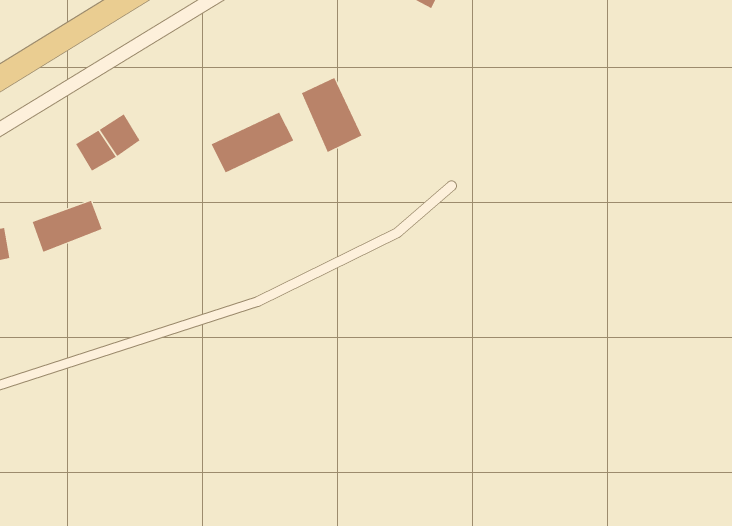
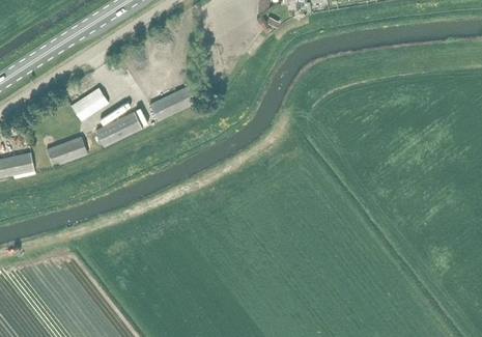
building: [301,77,362,153] -> none
building: none -> [95,110,142,146]

